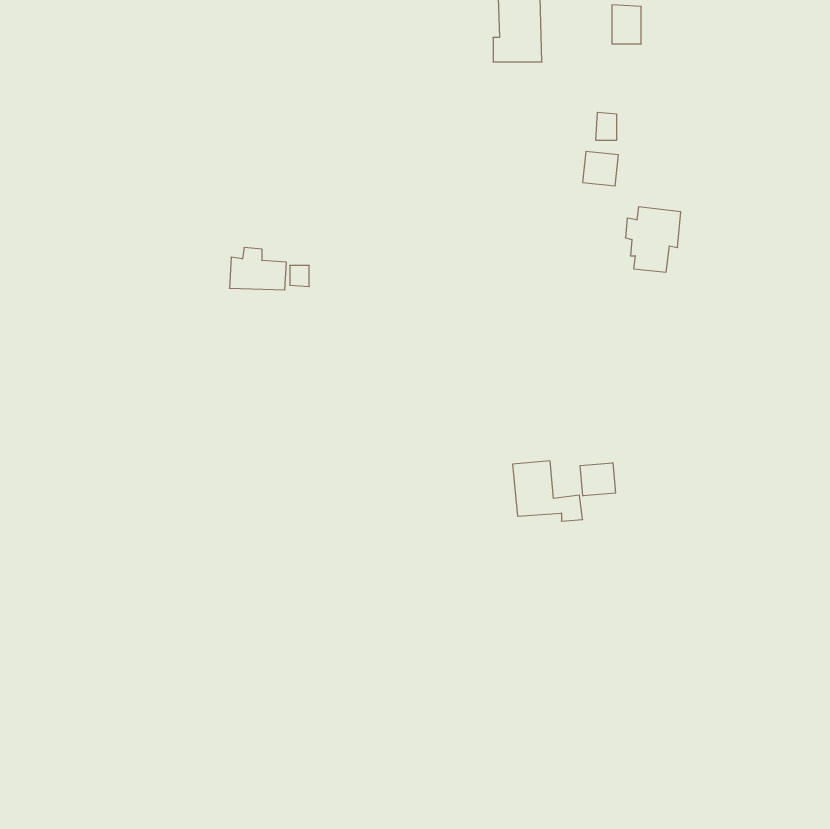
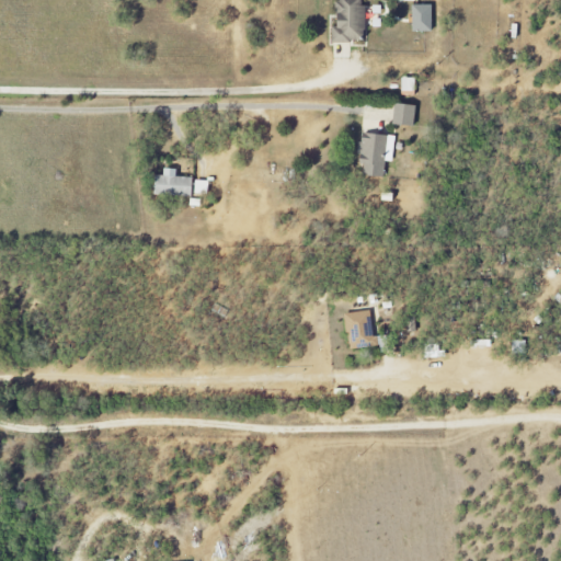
building: [625,207,681,272] -> [356,131,393,175]
building: [580,463,616,496] -> none

